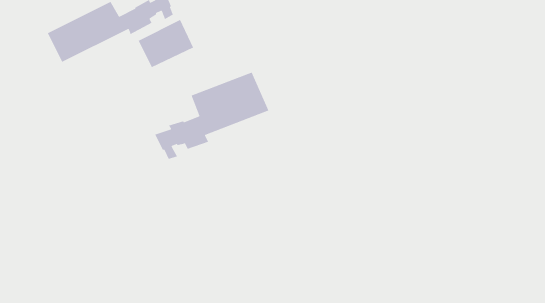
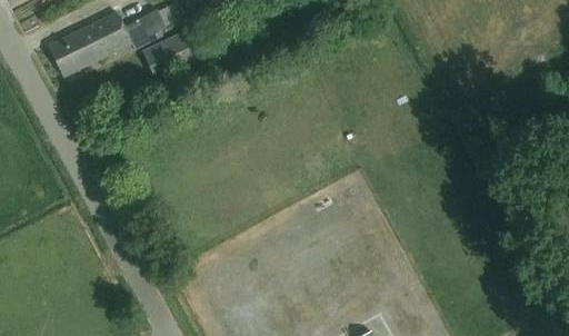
building: [154,71,270,160] -> none

